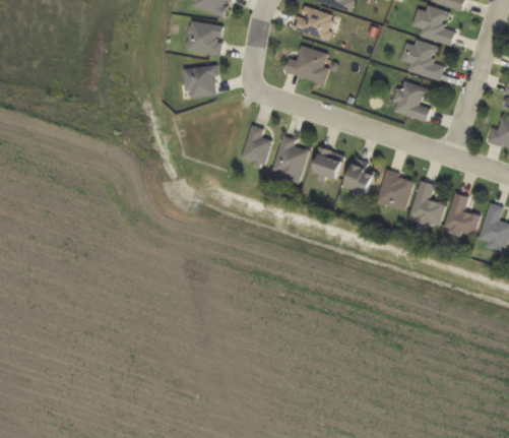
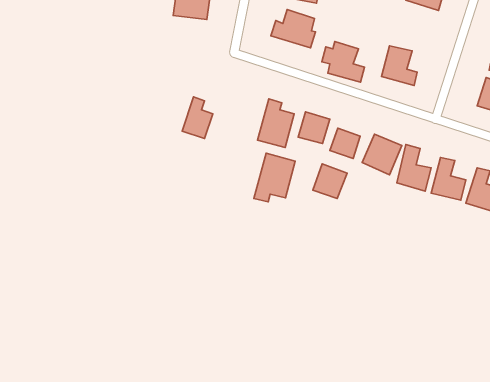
building: [401,40,444,80] -> [322,42,364,82]
building: [182,64,218,98] -> none
building: [241,123,271,165] -> [182,97,213,138]
building: none -> [254,153,295,202]
building: none -> [313,164,347,199]

